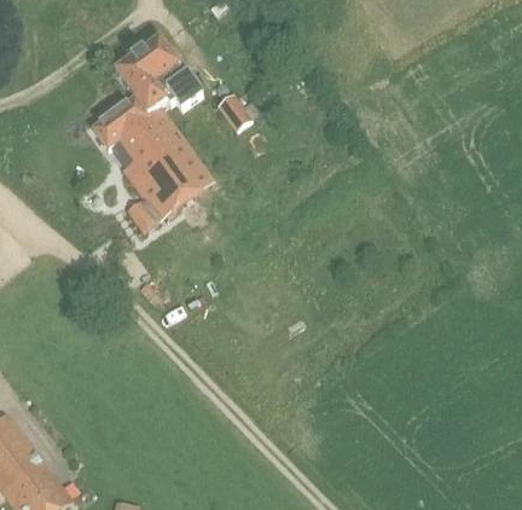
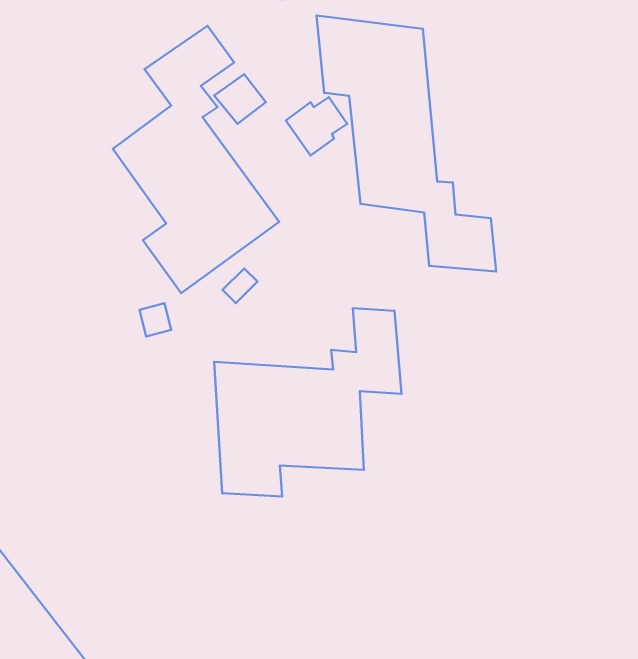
building: none -> [316,16,496,271]
building: none -> [214,308,401,497]

